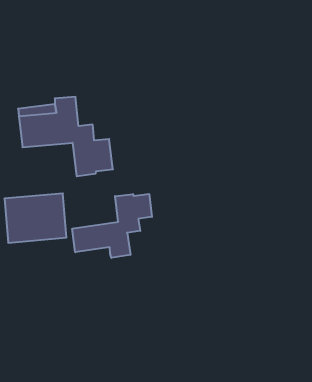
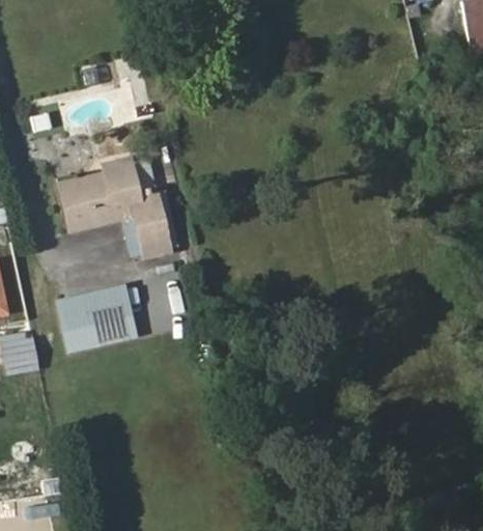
building: [72,194,152,258] -> none

